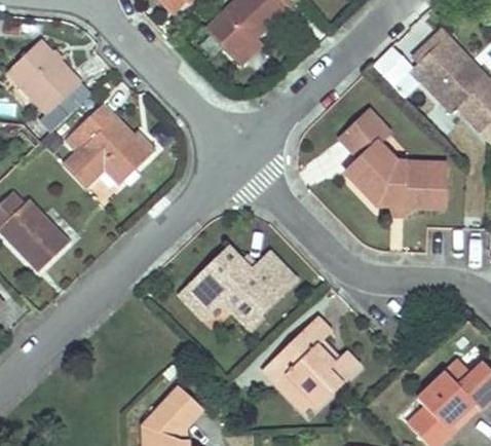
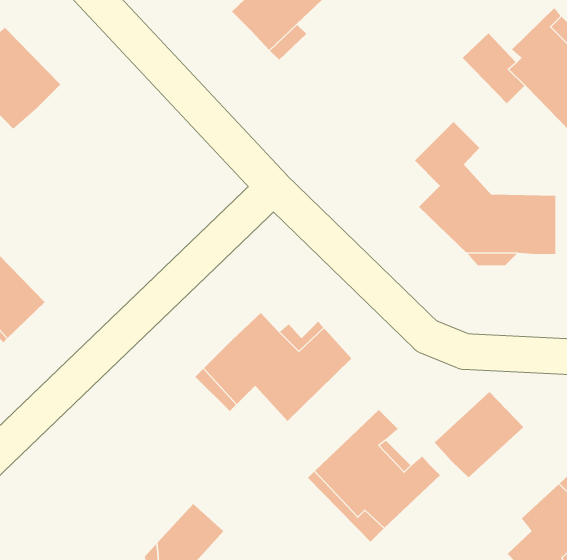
building: [64,103,151,191] -> none
building: none -> [434,391,524,478]

